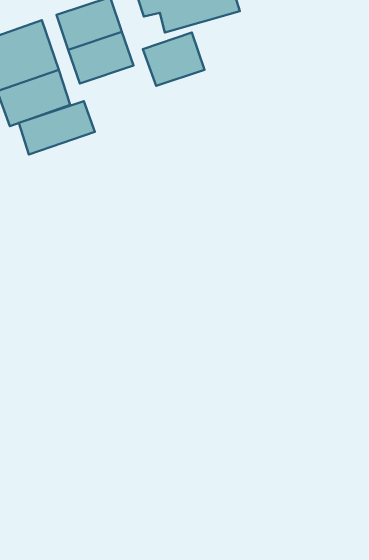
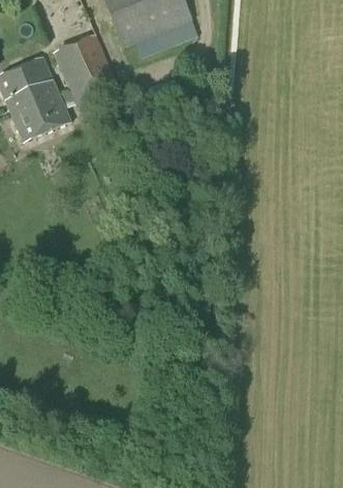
building: [143,33,204,86] -> none
building: [19,101,95,155] -> none

